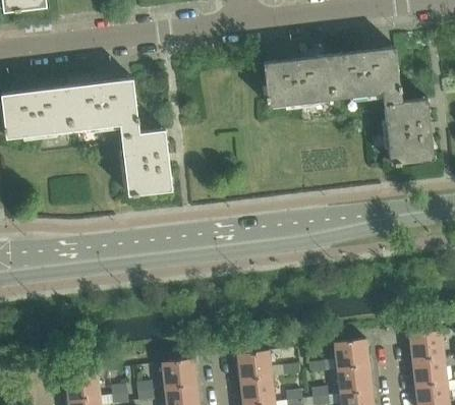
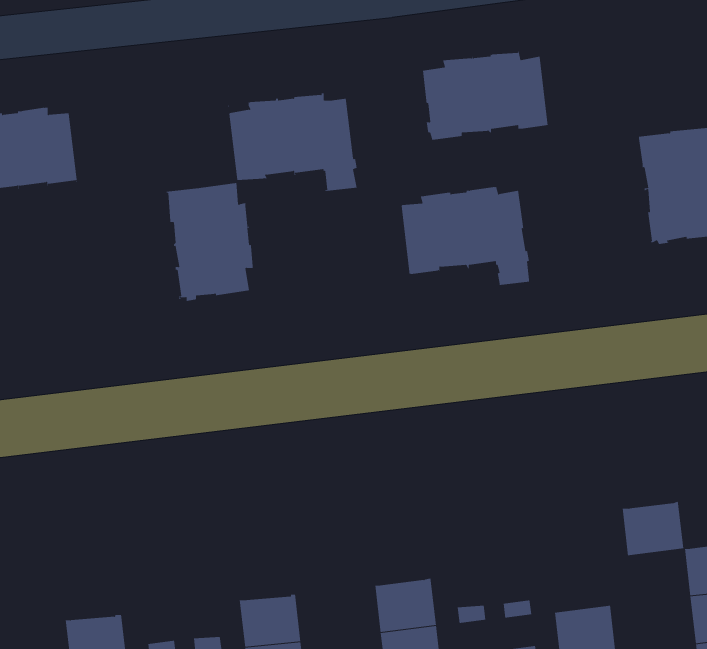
building: [329,49,401,104] -> [400,187,530,285]
building: [67,79,139,134] -> [228,93,358,192]
building: [334,338,368,368] -> [622,501,684,556]

